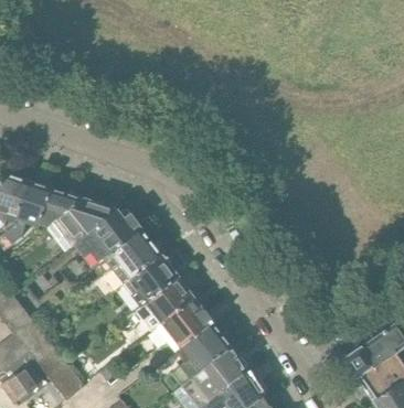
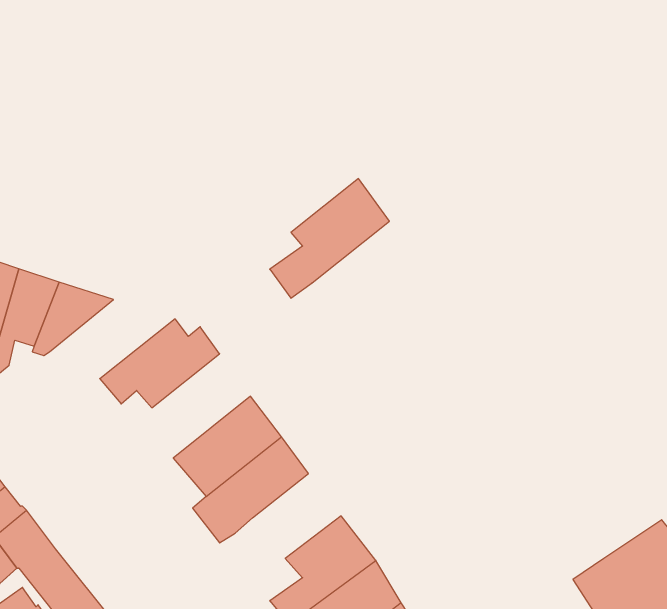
building: [46,198,118,251] -> none
building: [93,229,161,298] -> [270,179,389,298]
building: [162,298,213,346] -> none

